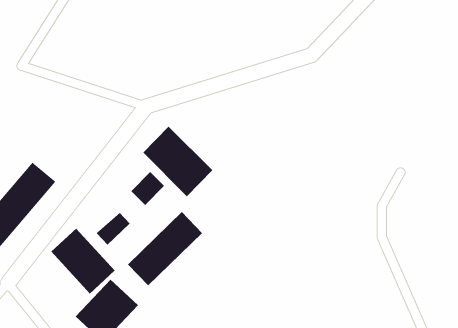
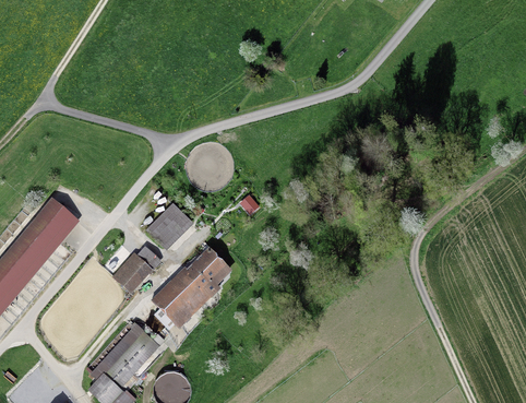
building: [142,126,213,197] -> none
building: [51,228,115,294] -> none

